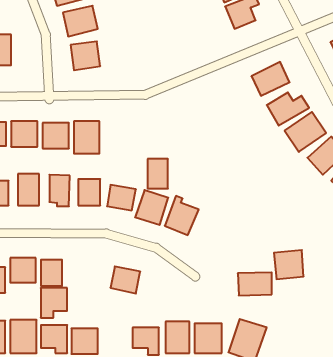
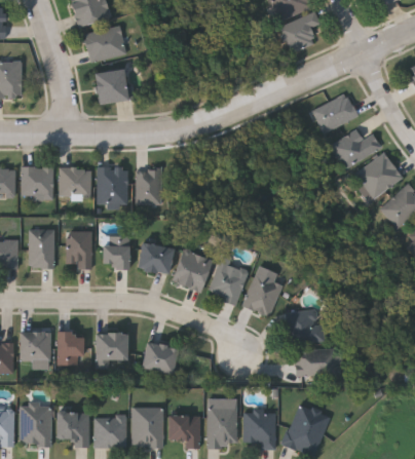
building: [148,159,168,189] -> [136,167,160,203]
building: none -> [241,272,281,316]
building: [274,250,304,279] -> [286,309,322,344]
building: [41,288,67,318] -> [95,333,126,369]
building: none -> [133,408,163,446]

